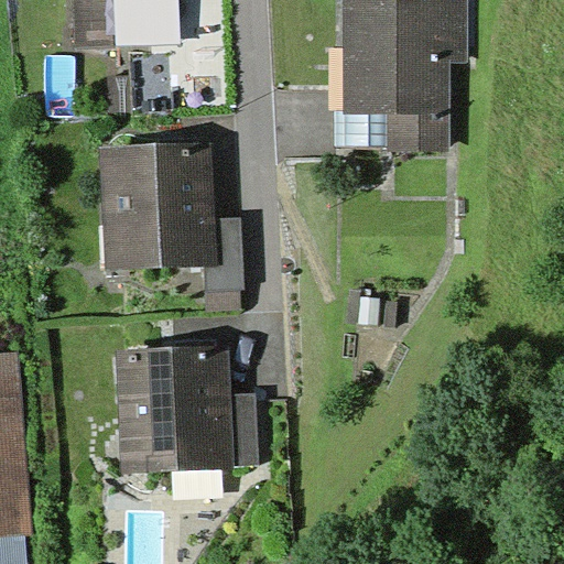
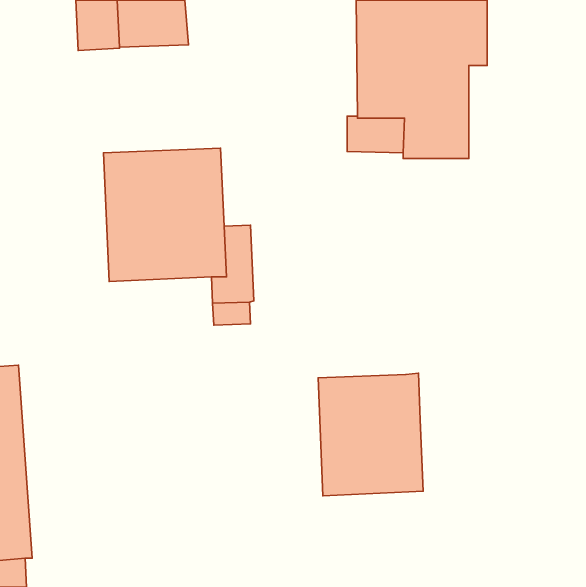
building: [115,346,258,474] -> none
building: none -> [318,373,423,496]

